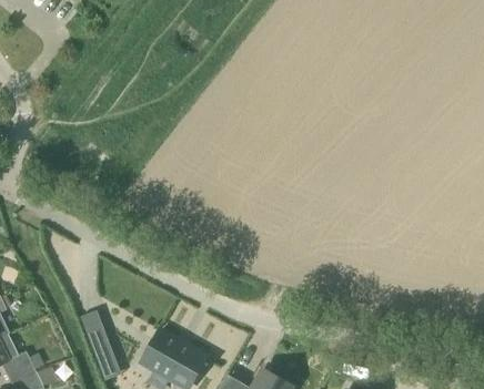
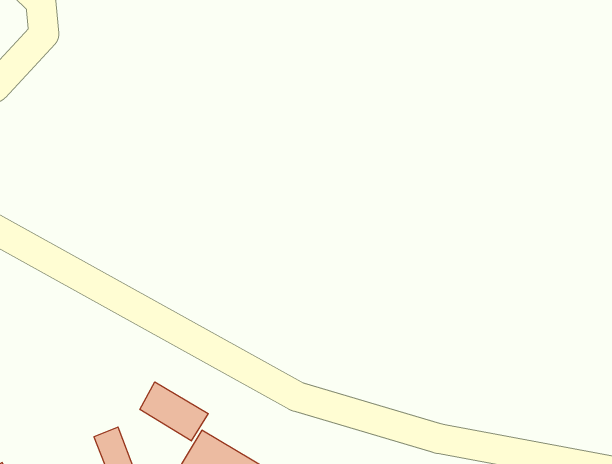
building: none -> [140,382,208,441]

